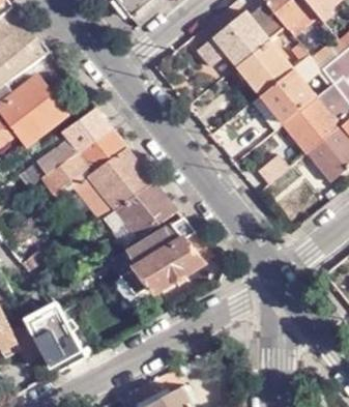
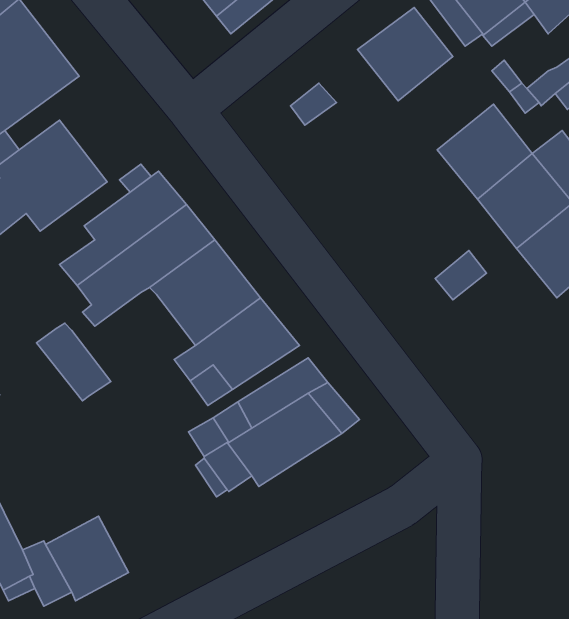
building: [235,40,291,95] -> none
building: [72,176,116,222] -> [37,323,111,401]

